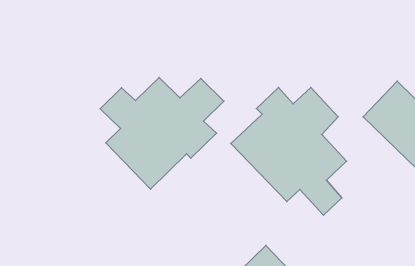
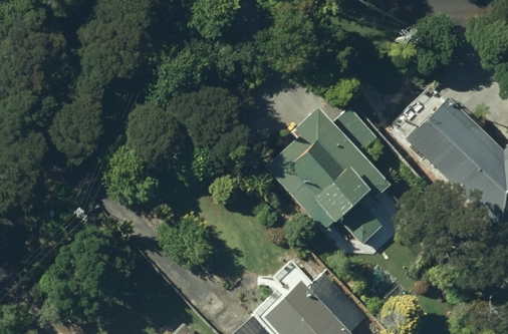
building: [100,77,224,189] -> none

